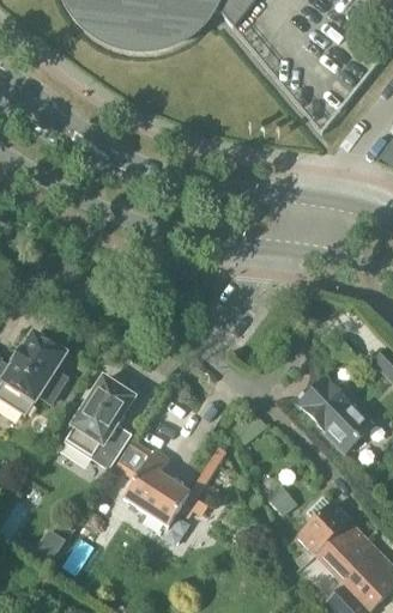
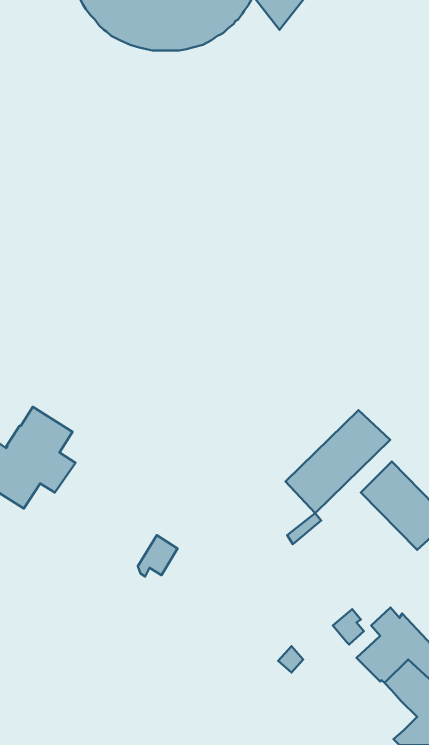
building: none -> [285,410,390,513]
building: [66,377,133,468] -> none
building: [123,450,206,526] -> none

